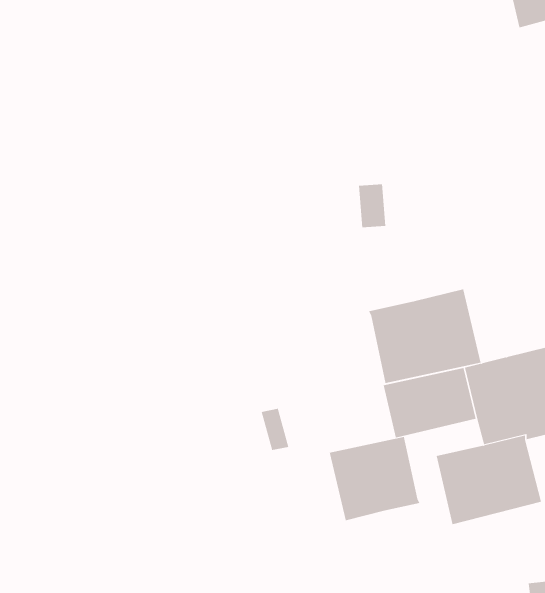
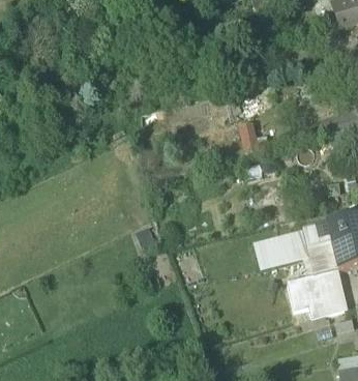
building: [368,289,481,384] -> none
building: [329,436,420,521] -> none

